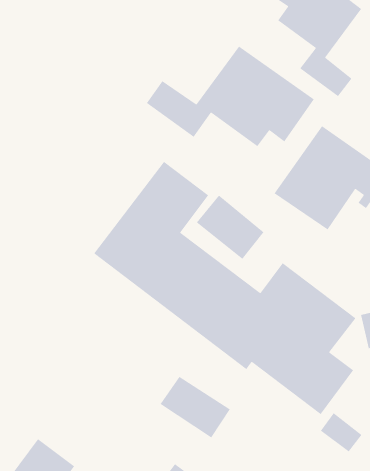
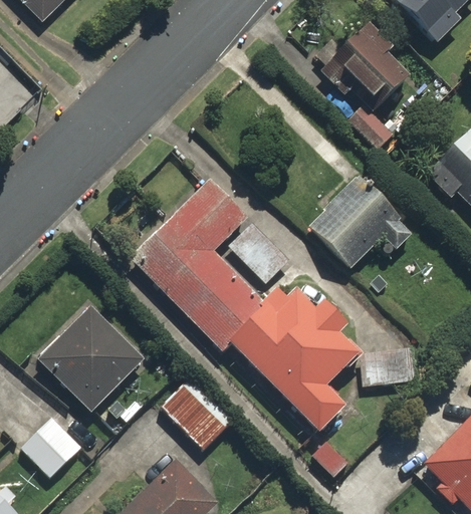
building: [146,46,315,147] -> none
building: none -> [36,303,146,413]

